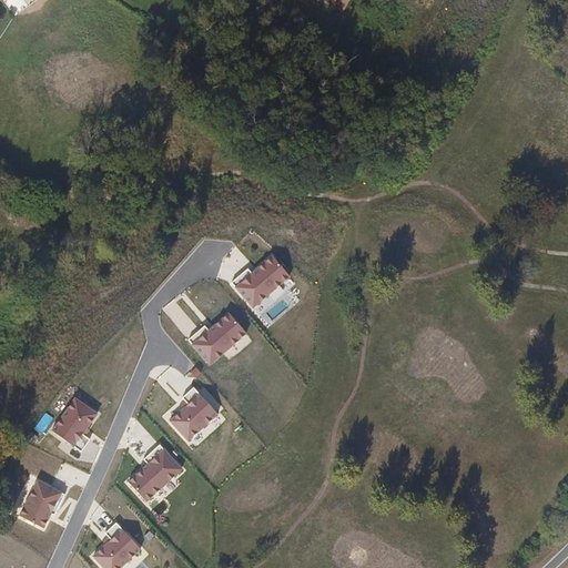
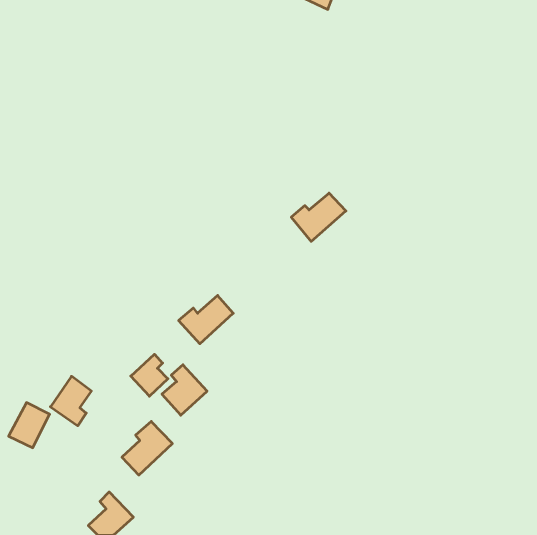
building: [232,254,290,305] -> [291,193,346,241]
building: none -> [131,354,168,396]
building: [20,479,63,527] -> [9,403,50,448]

